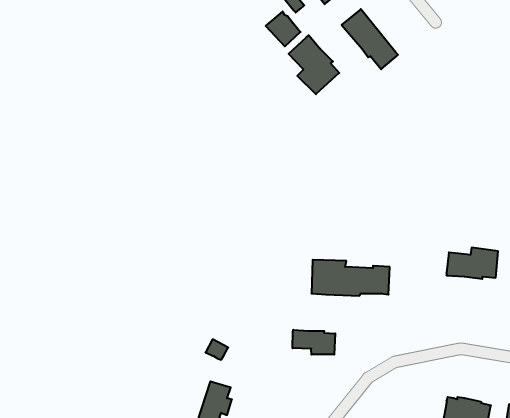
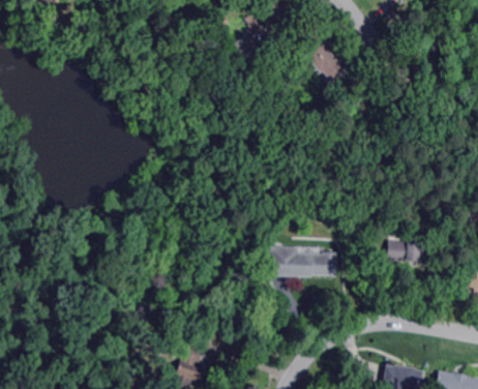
building: [289,35,339,94] -> none
building: [293,330,335,355] -> none

